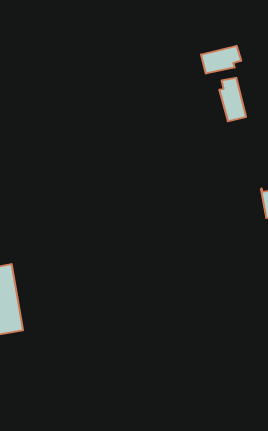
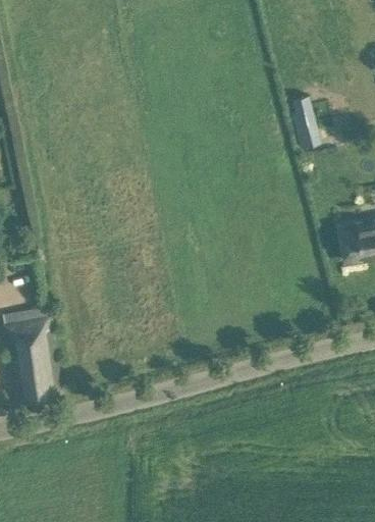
building: [201,46,241,74] -> none

